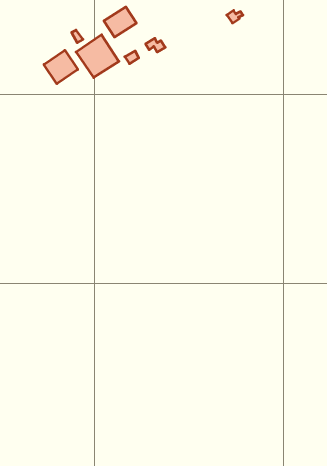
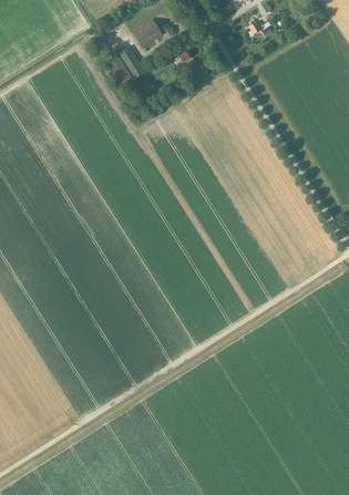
building: [44,50,78,84] -> none

